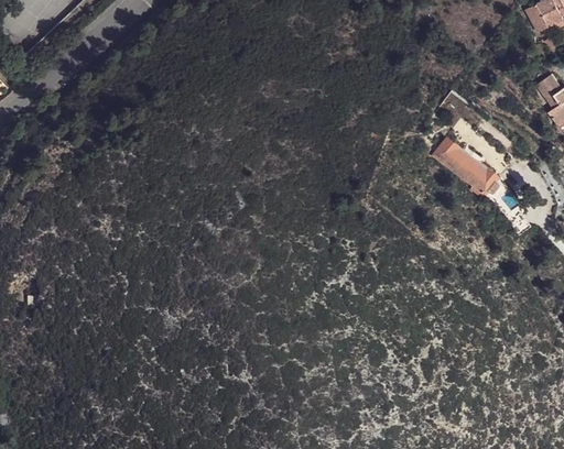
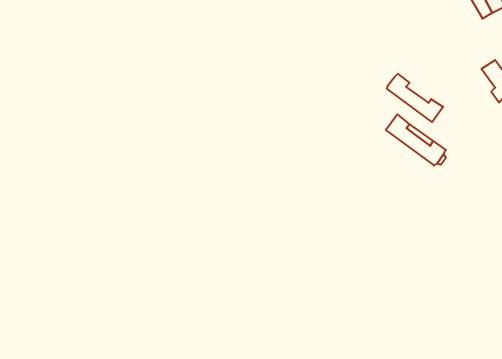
building: none -> [387,74,443,122]

